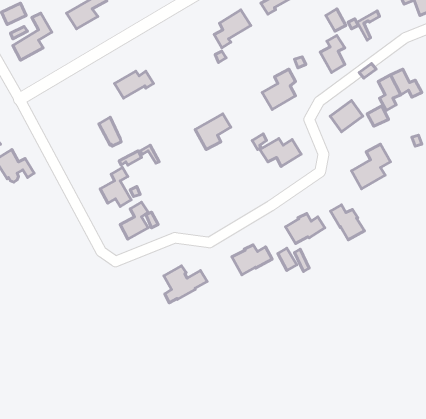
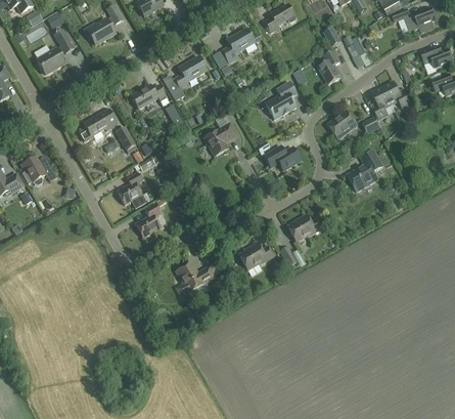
building: none -> [174,55,207,89]
building: none -> [80,108,119,140]
building: [330,205,364,240] -> none

